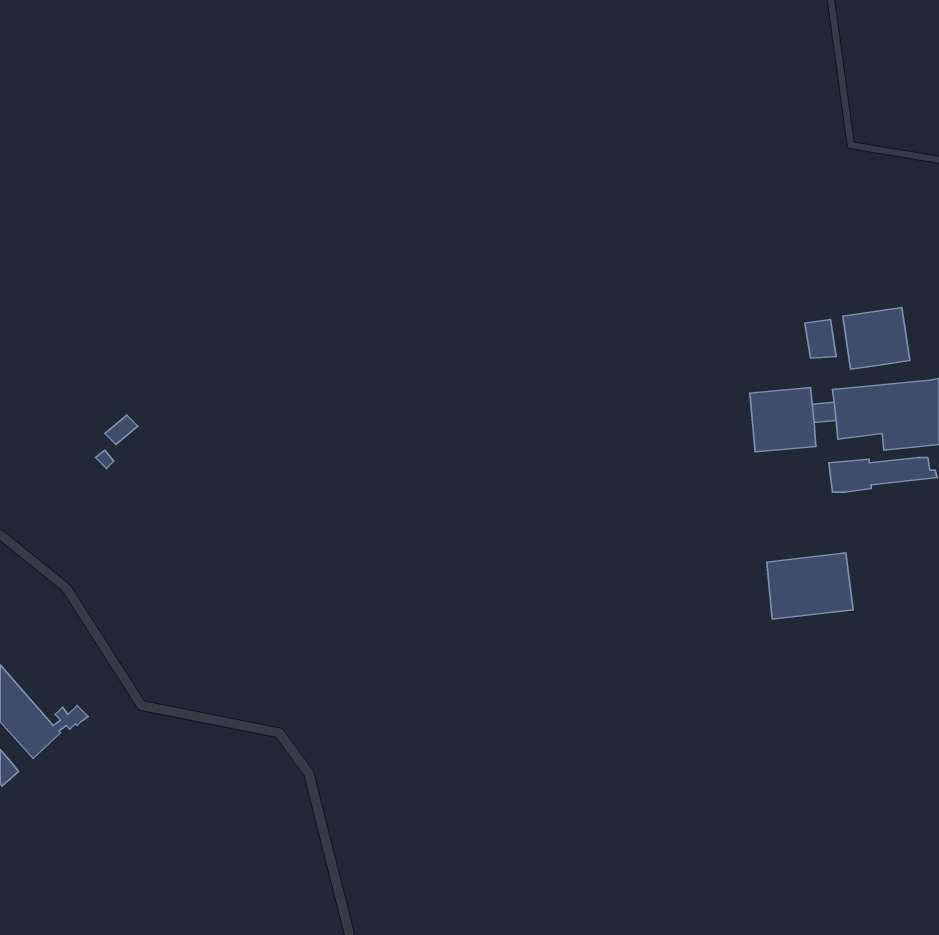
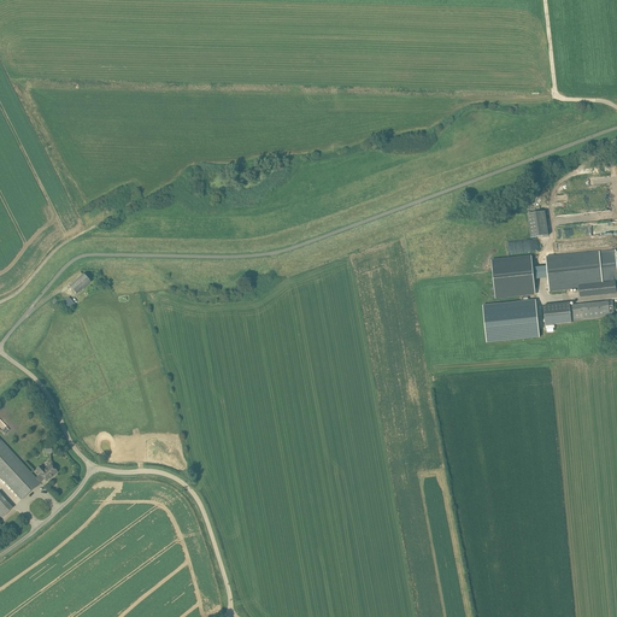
building: [843,307,910,369] -> none
building: [767,553,853,619] -> [483,298,540,341]

